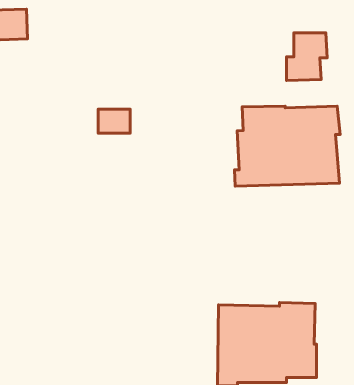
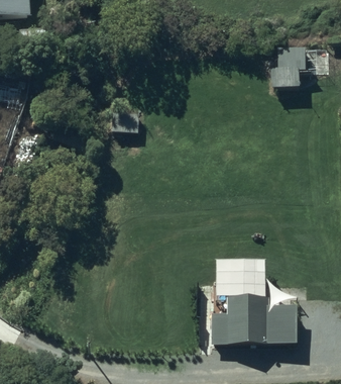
building: [234,106,340,186] -> none

